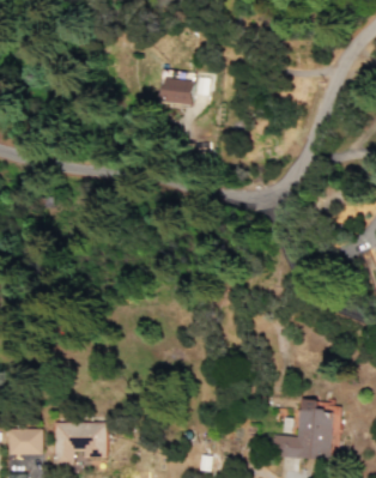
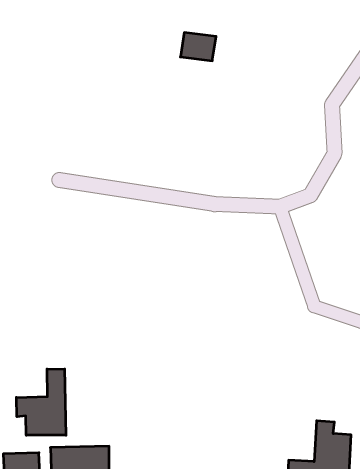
building: [162,77,195,103] -> [180,33,216,61]
building: none -> [16,369,66,435]

